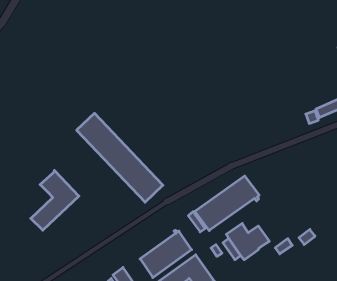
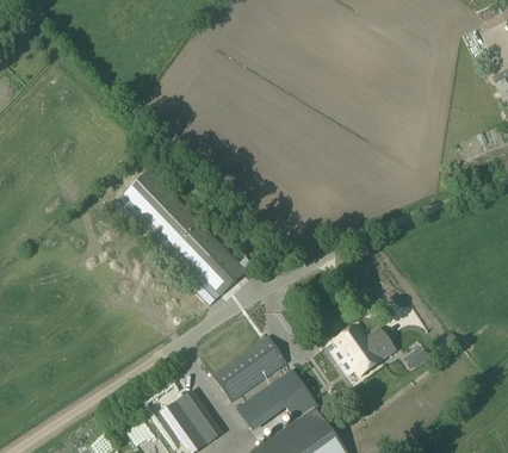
building: [31,170,79,230] -> none
building: [195,176,259,231] -> none

